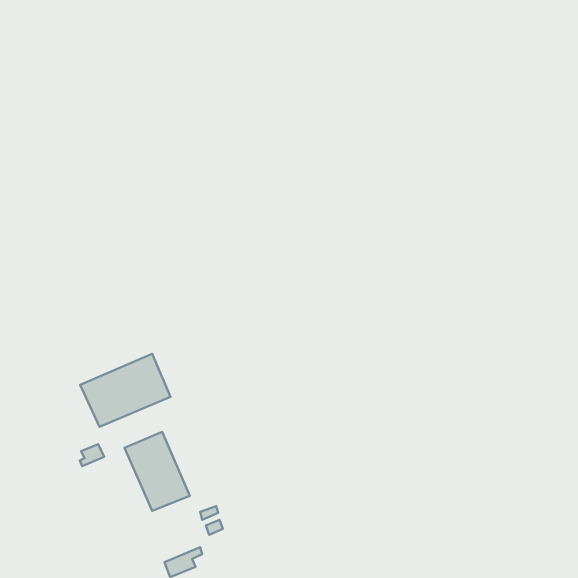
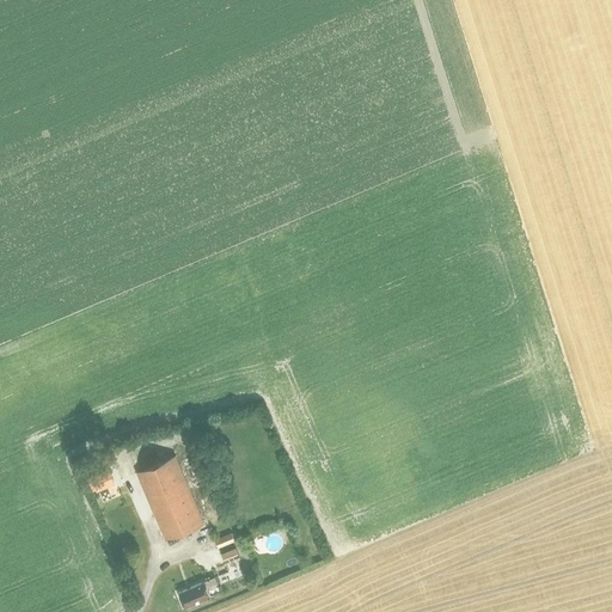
building: [80,354,171,427] -> none

